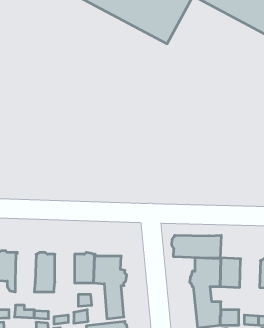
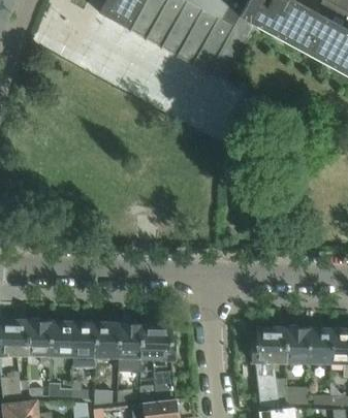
building: [172,235,221,258] -> none
building: none -> [50,321,73,355]
building: none -> [95,322,118,356]
building: none -> [308,328,331,361]

